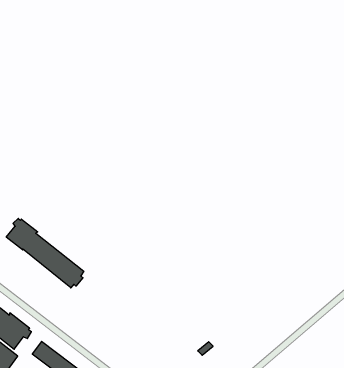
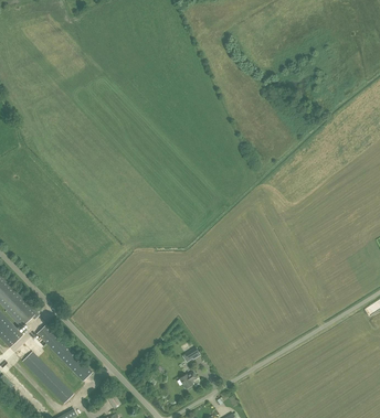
building: [6,218,84,288] -> none

